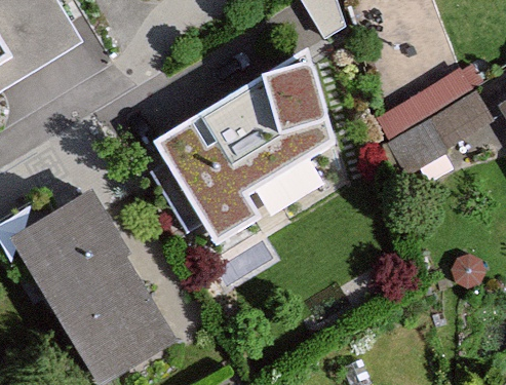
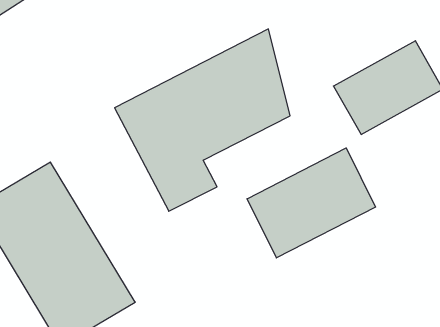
building: none -> [247,148,376,258]

